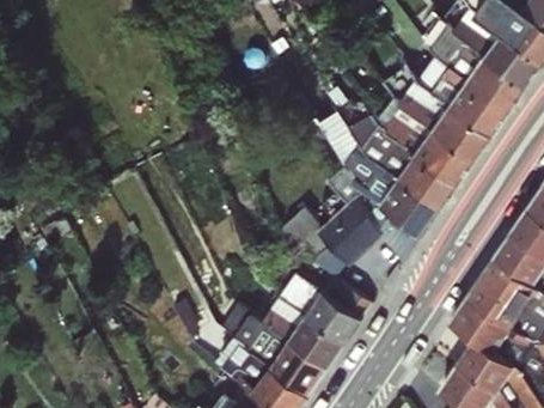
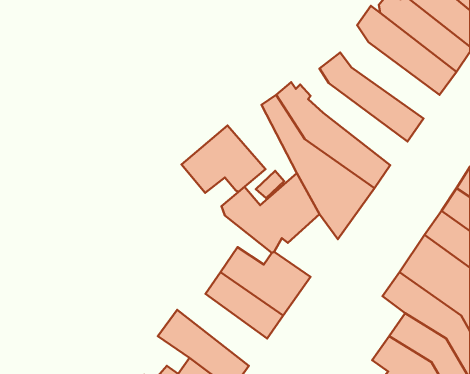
building: [417,55,509,135] -> none
building: [372,98,476,184] -> none
building: none -> [181,125,265,193]
building: [234,312,329,395] -> none

